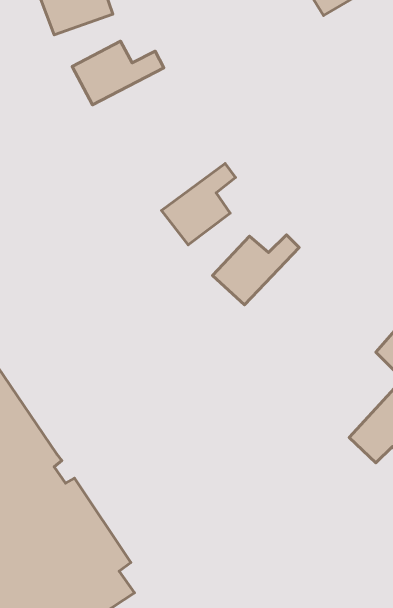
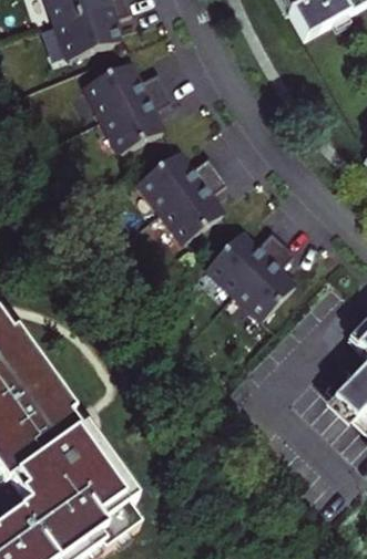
building: none -> [103,85,173,151]
building: none -> [141,151,218,209]
building: none -> [235,241,295,318]

